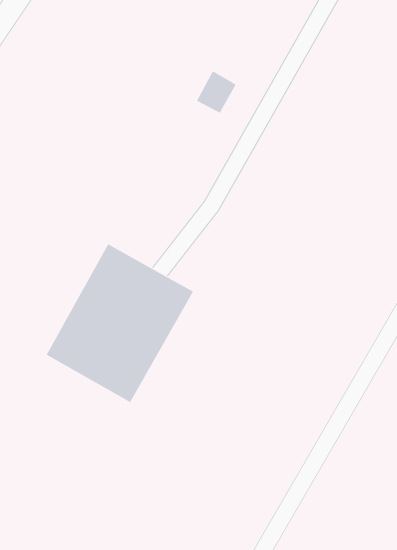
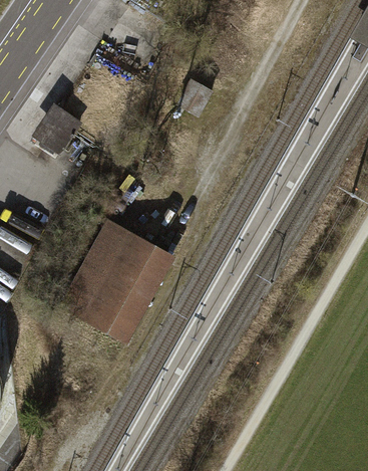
building: none -> [37,108,77,152]

